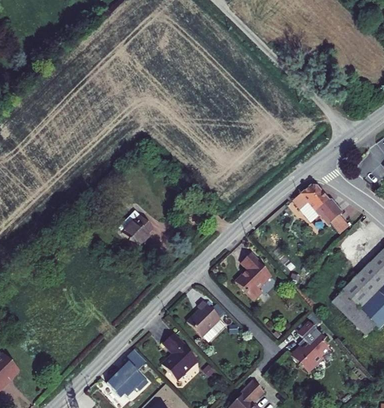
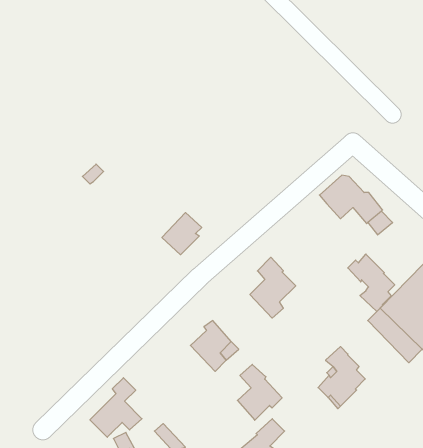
building: [123,215,155,249] -> [162,213,202,255]
building: none -> [348,254,395,311]
building: [162,332,198,377] -> [237,364,282,420]

